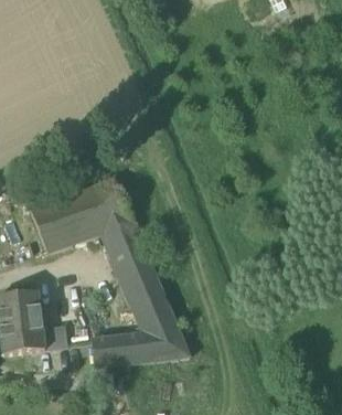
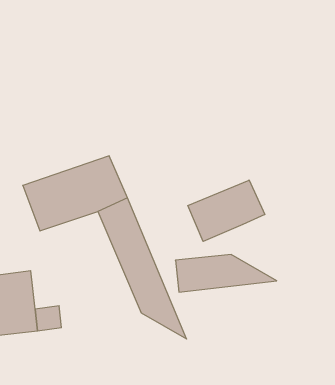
building: none -> [188,180,265,241]
building: [90,331,189,368] -> [175,255,277,292]

